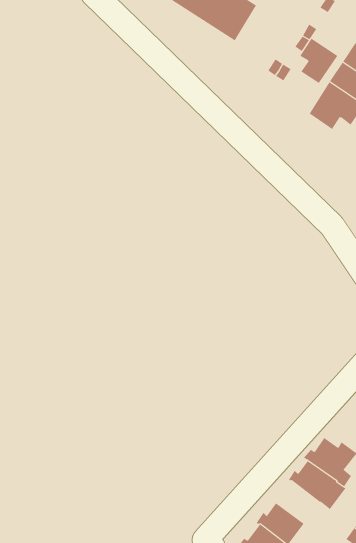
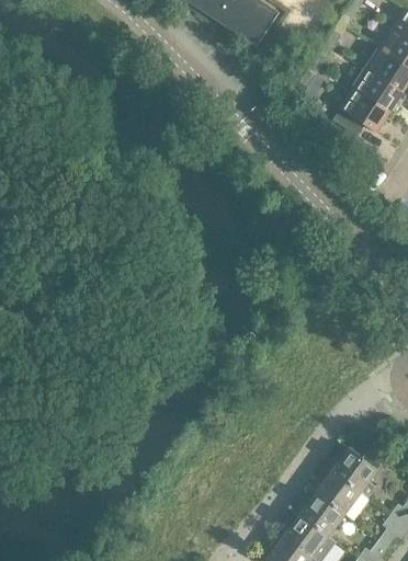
building: [299,38,338,84] -> none
building: none -> [295,493,344,537]

